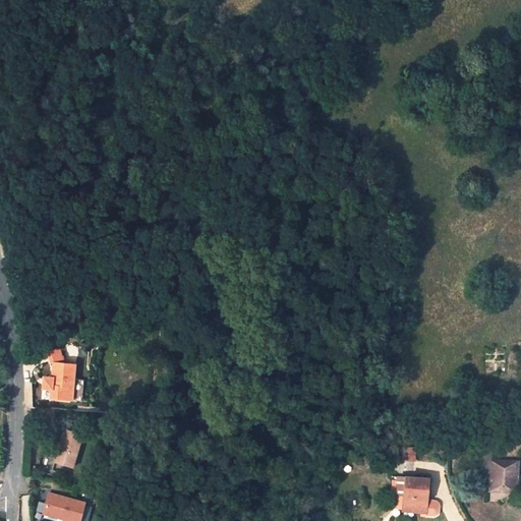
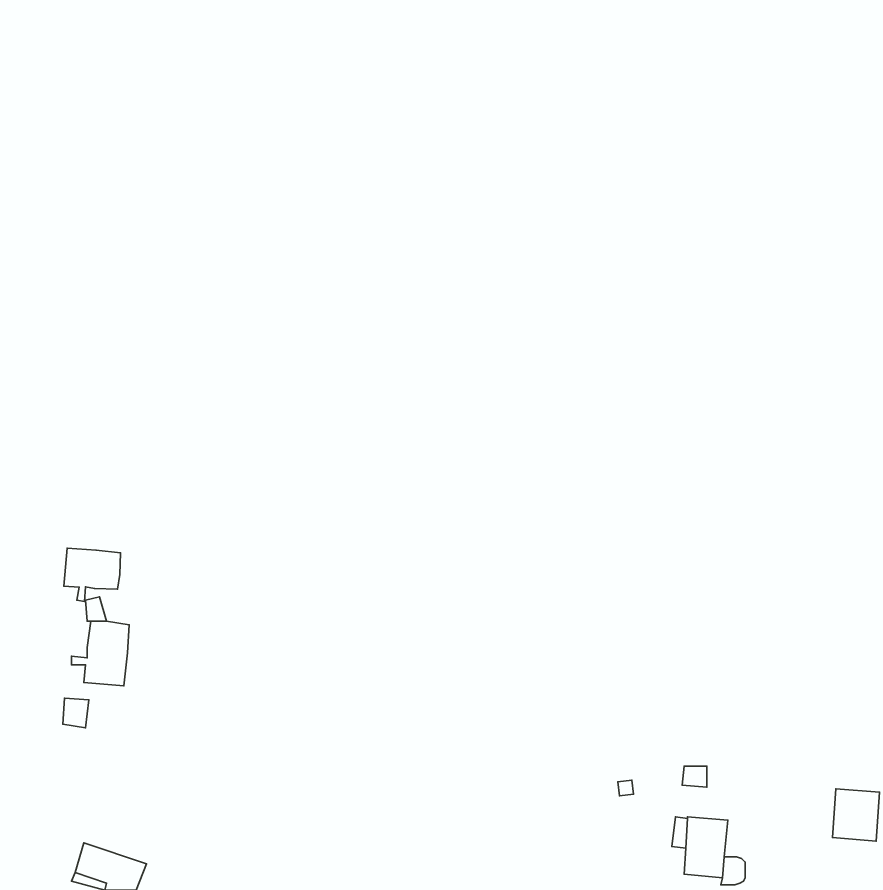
building: none -> [64,548,120,602]
building: [56,429,83,467] -> none

